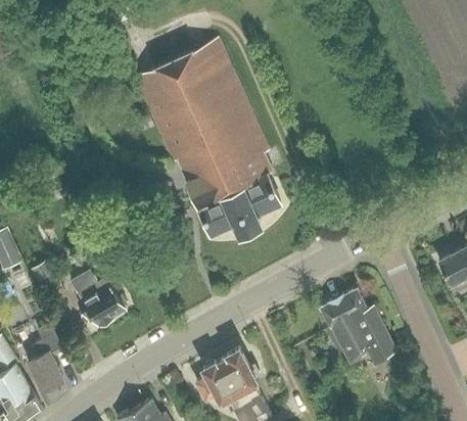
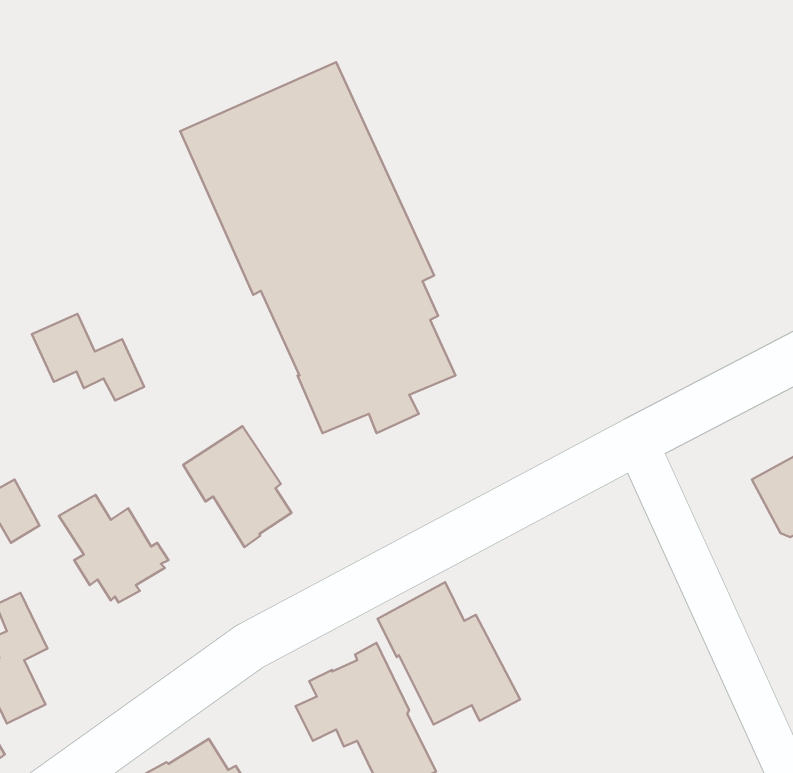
building: none -> [32,314,144,400]
building: none -> [183,426,291,547]
building: [321,289,396,365] -> [378,582,520,725]

